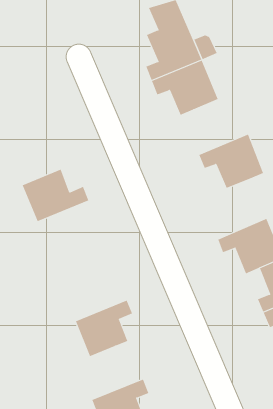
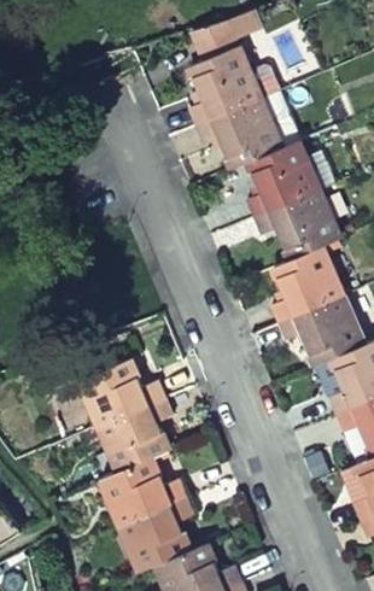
building: none -> [246,140,317,217]
building: [22,169,89,222] -> [81,359,165,426]
building: none -> [270,247,340,323]
building: none -> [101,457,186,525]

